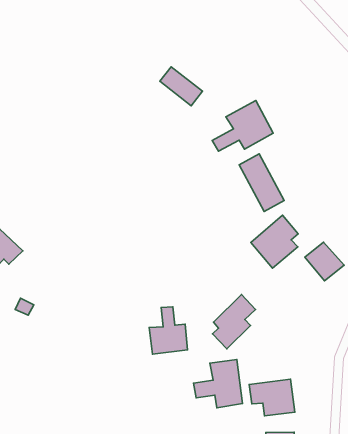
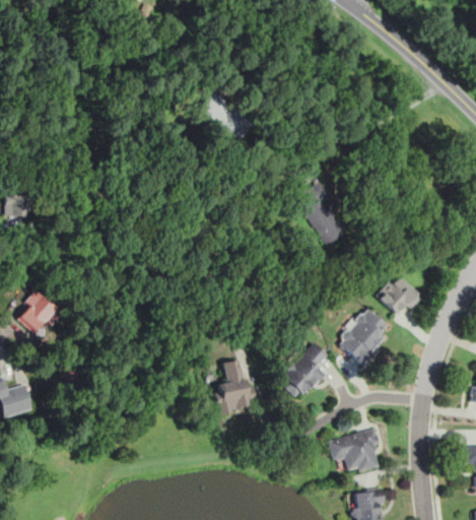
building: [212,101,273,151] -> none
building: [251,215,298,268] -> [335,307,388,367]
building: [194,360,243,408] -> none

